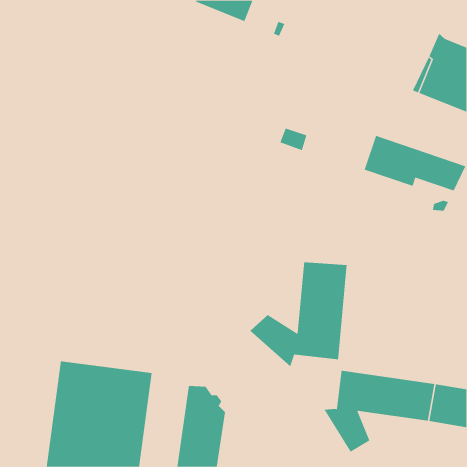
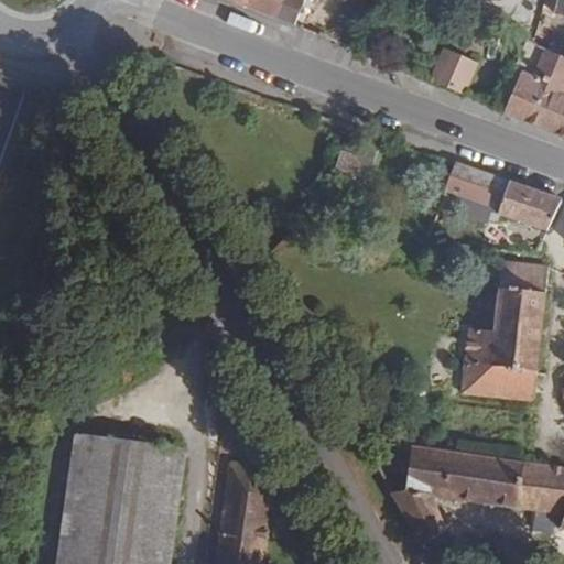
building: none -> [429,50,476,96]
building: none -> [464,259,546,394]
building: [249,262,347,367] -> none

